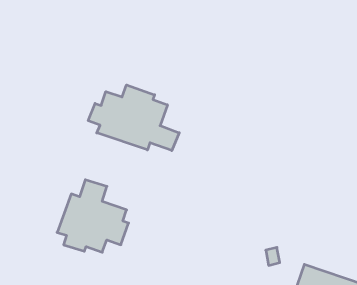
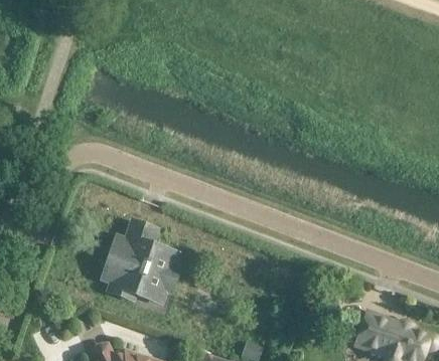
building: [88,85,179,151] -> none

